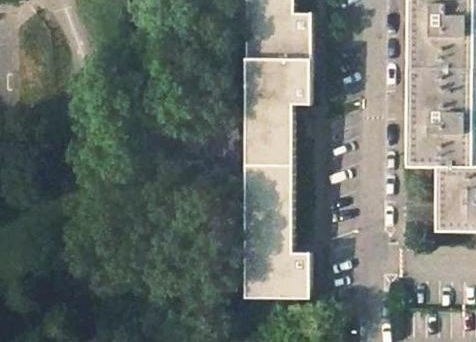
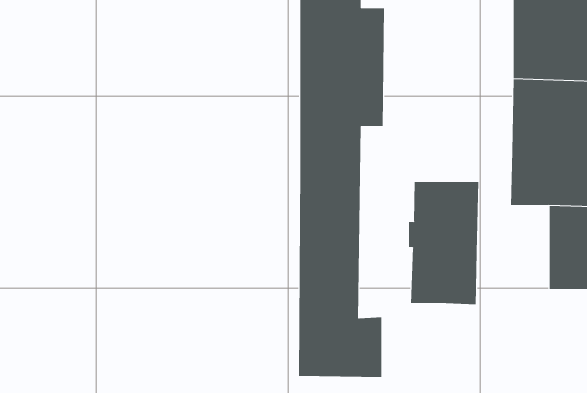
building: none -> [408,181,479,305]

